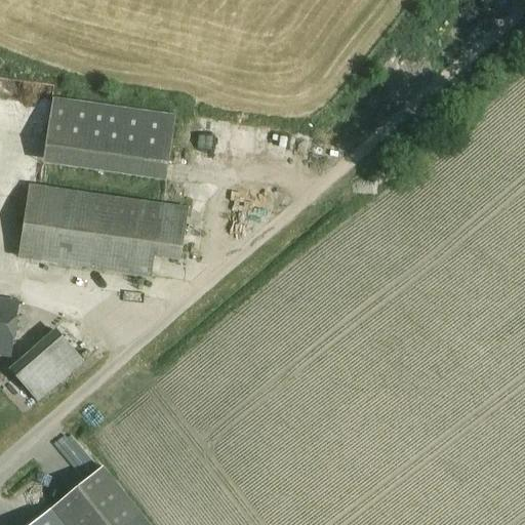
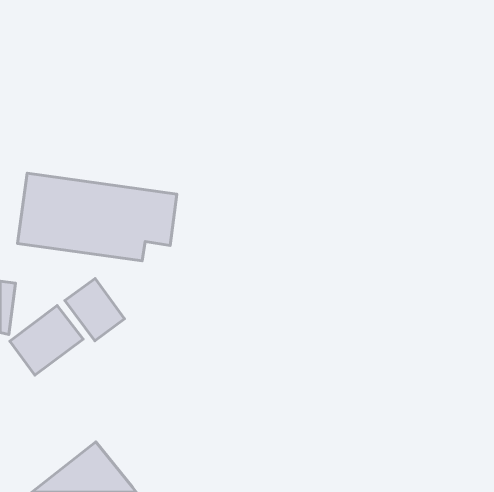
building: [41,95,174,179] -> none
building: none -> [65,279,125,341]

